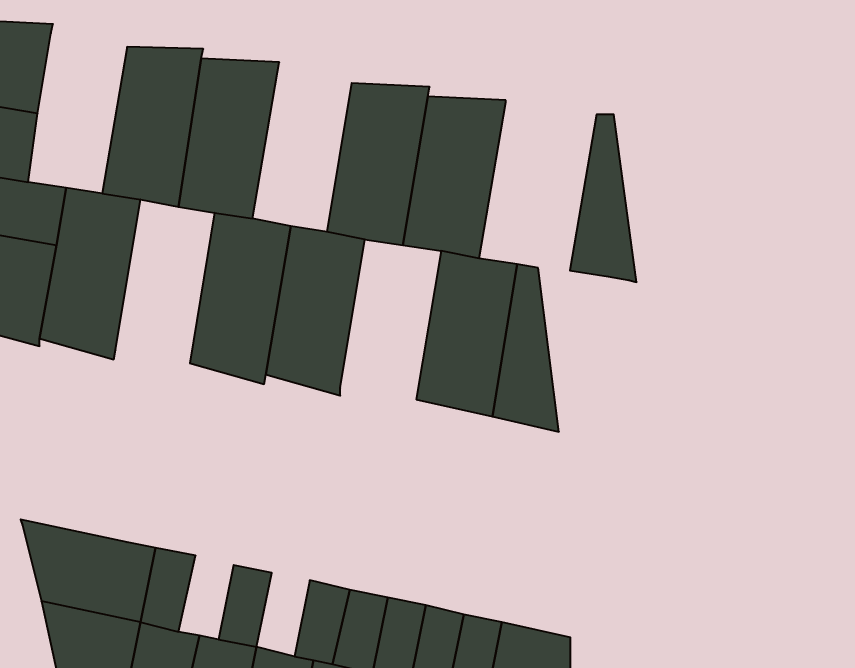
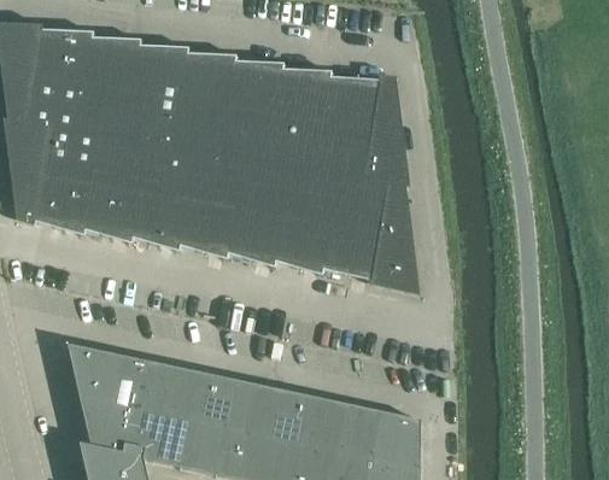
building: none -> [75,36,139,137]
building: none -> [217,60,281,162]
building: [570,114,637,282] -> [361,80,403,186]
building: none -> [130,141,193,250]
building: none -> [273,166,336,274]
building: none -> [170,367,205,420]
building: none -> [219,377,253,431]

